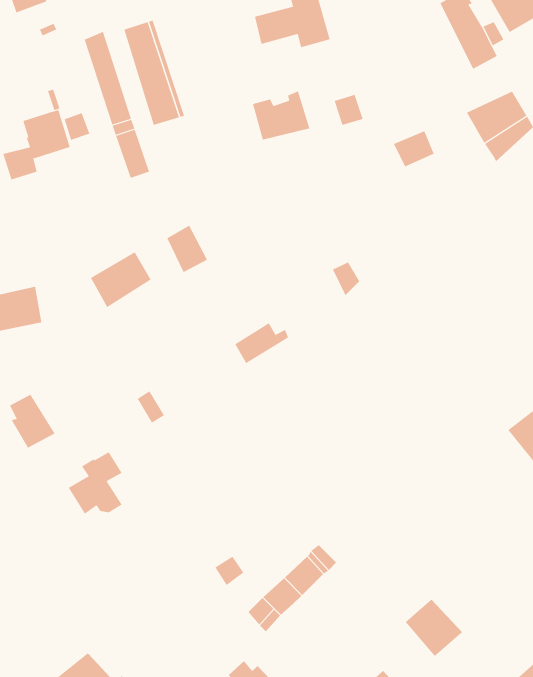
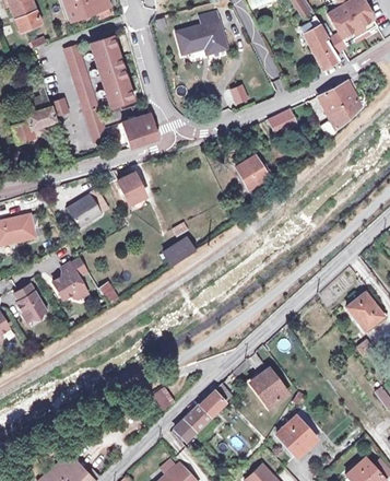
building: [252,90,310,140] -> [122,115,161,148]
building: none -> [235,150,273,190]
building: [68,451,123,514] -> [54,255,90,296]
building: none -> [249,368,285,406]

